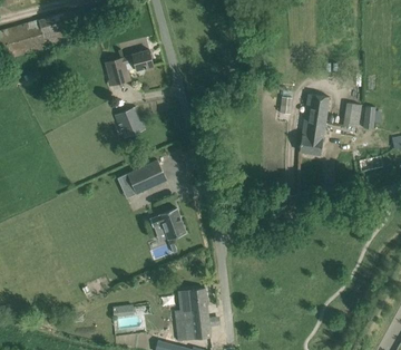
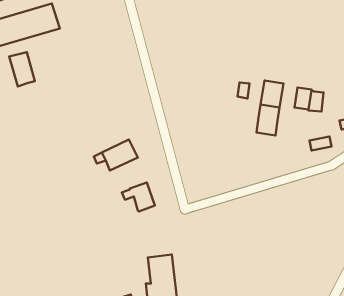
building: [105,50,153,87] -> none
building: none -> [9,52,35,86]
building: [114,107,144,138] -> none

